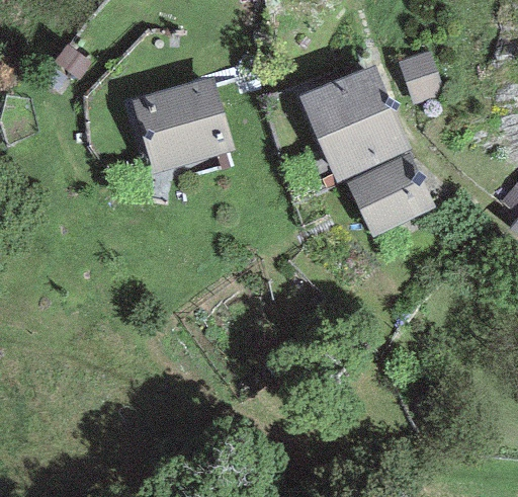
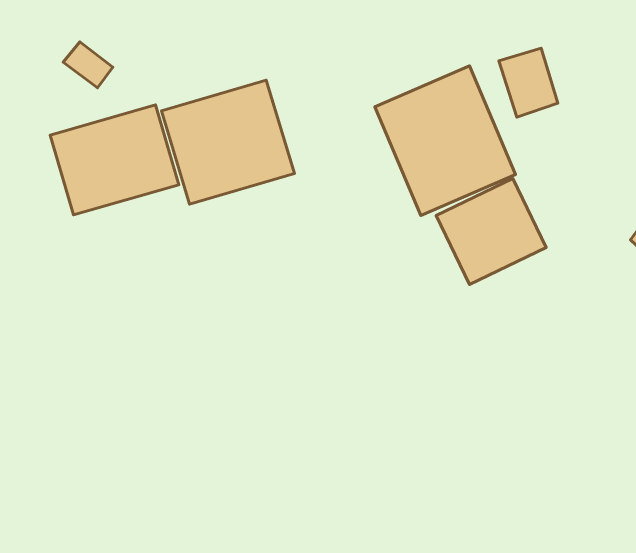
building: none -> [50,105,179,215]

